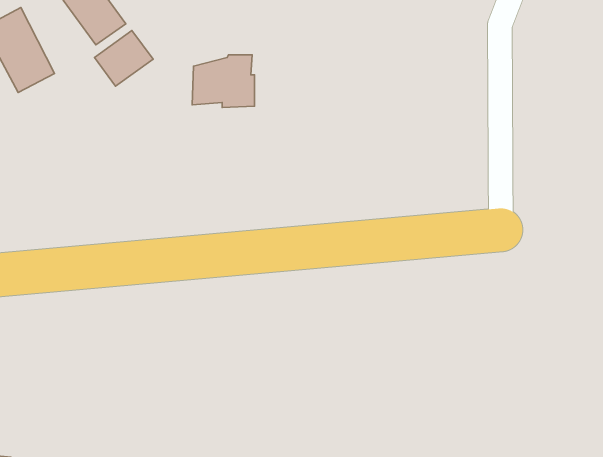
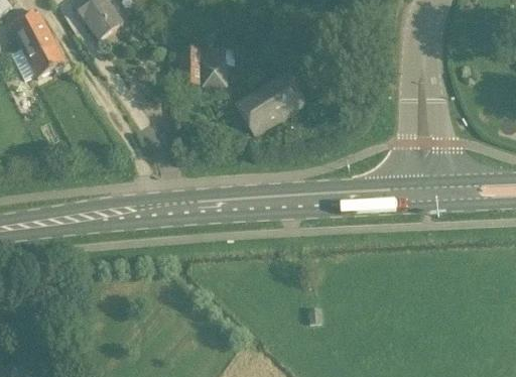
building: [95,31,153,86] -> none
building: none -> [233,72,305,136]

